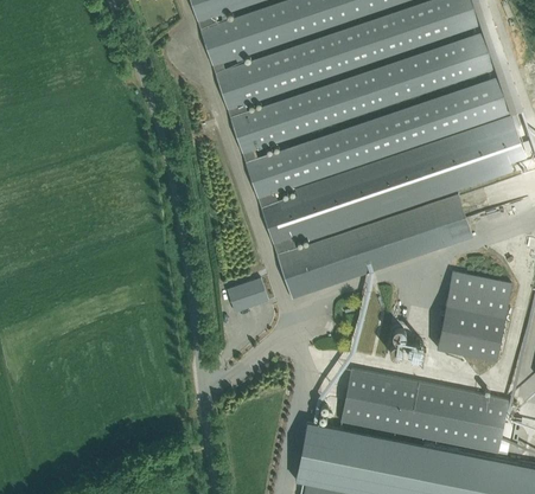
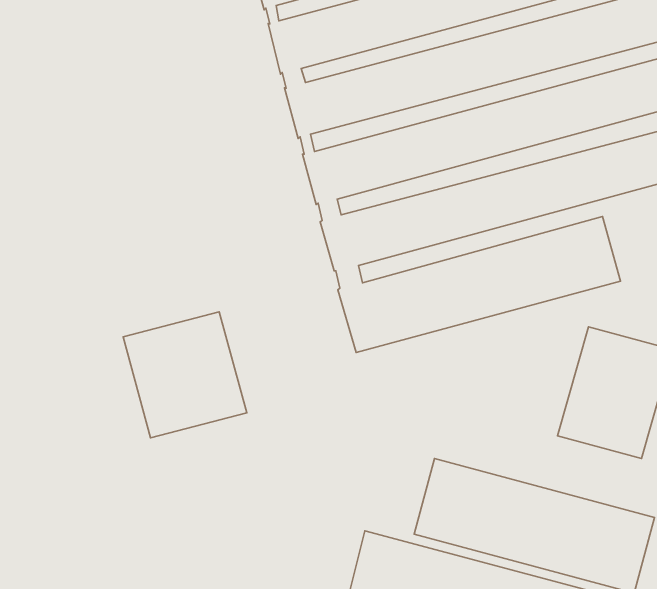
building: none -> [123,312,247,438]
building: [228,277,269,312] -> none

